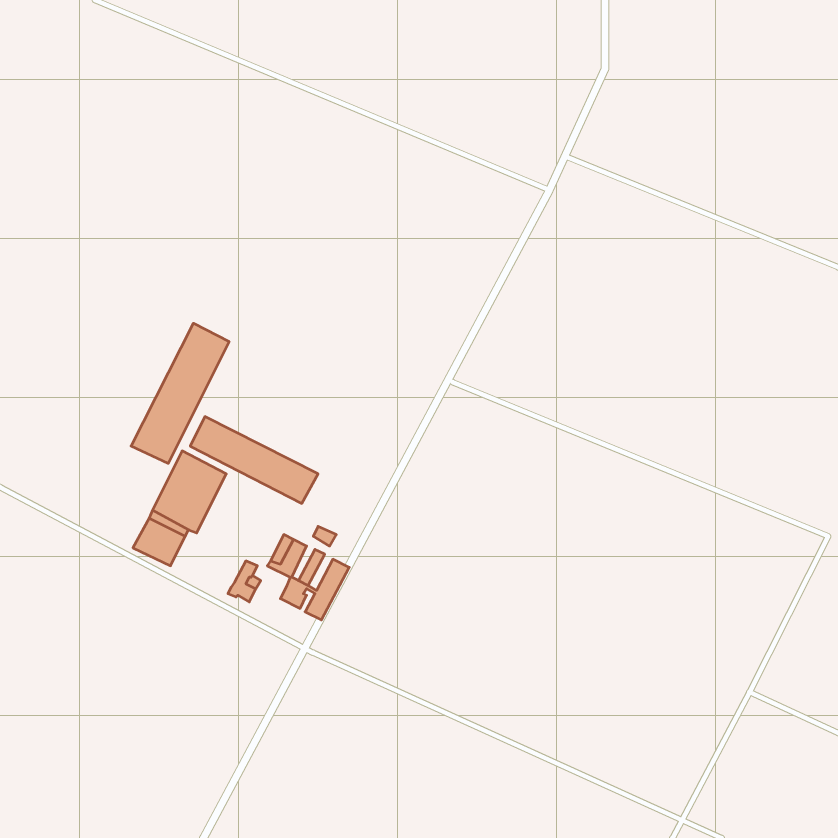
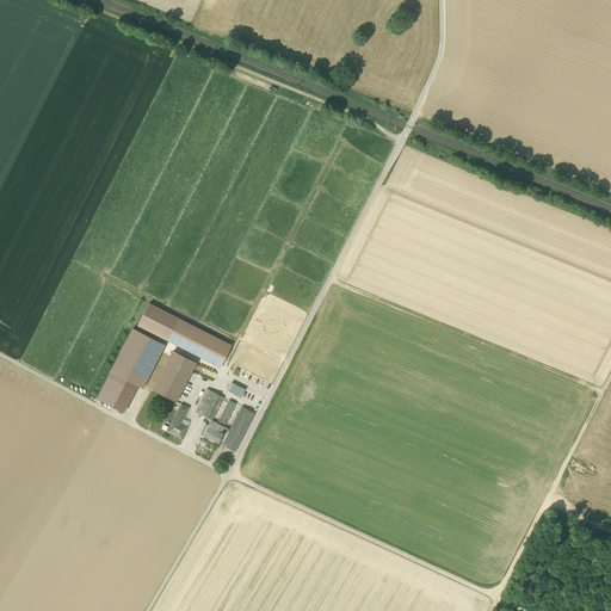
building: [131,323,229,463] -> none
building: none -> [154,351,196,401]

